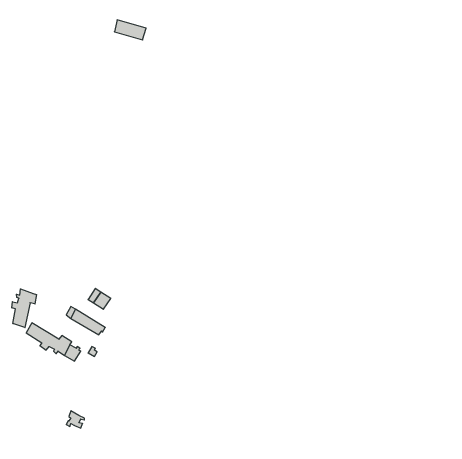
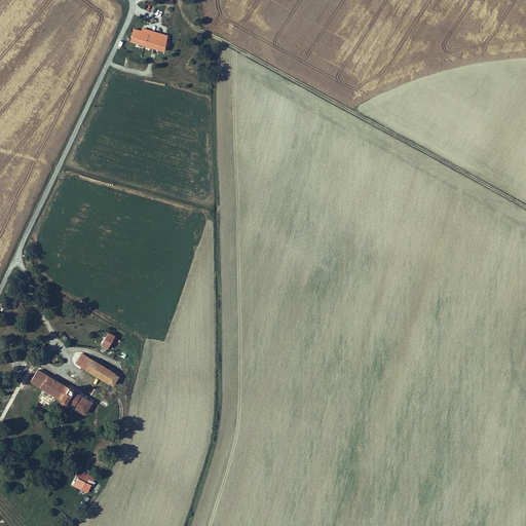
building: [12,289,37,328] -> none

